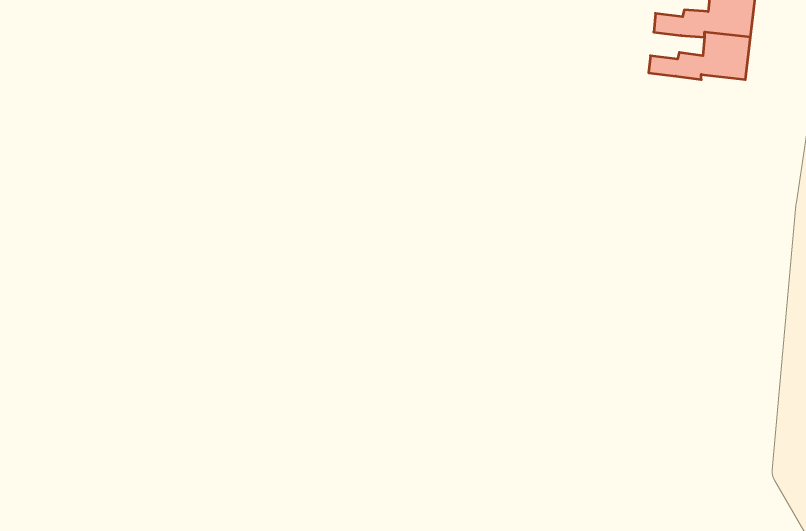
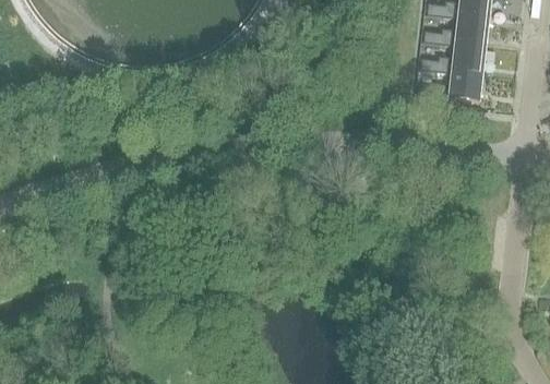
building: none -> [416,65,481,97]

